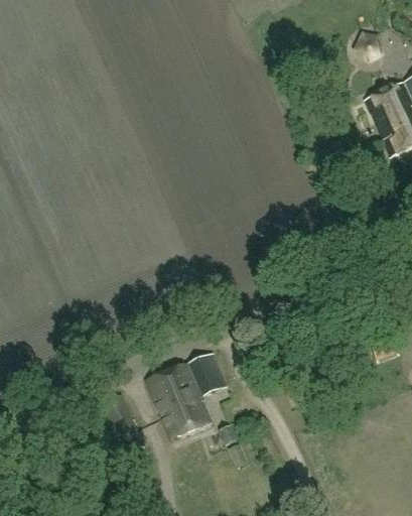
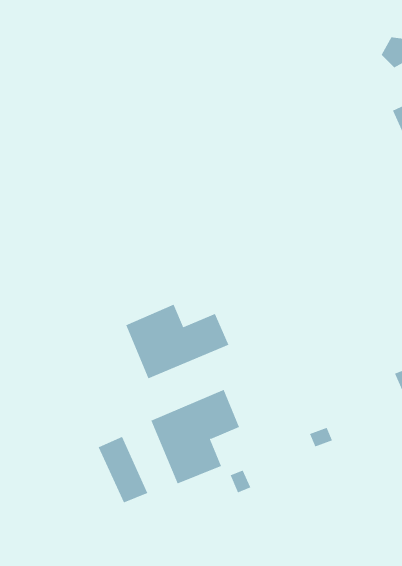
building: none -> [125,304,229,379]

